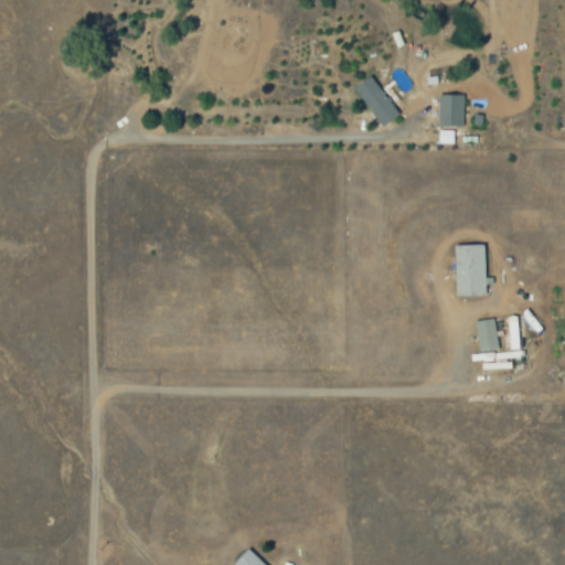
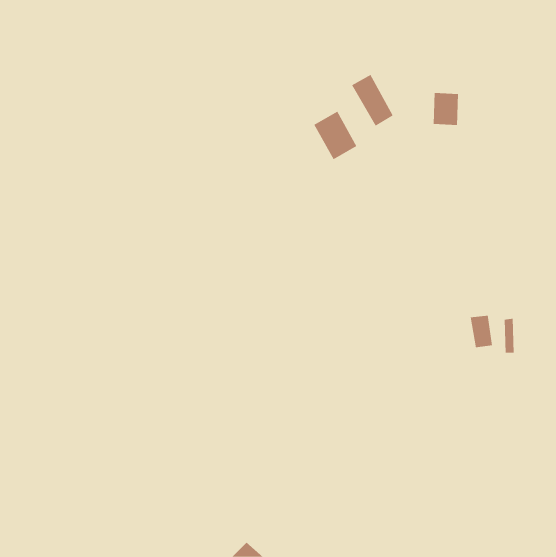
building: none -> [314,111,357,160]
building: [456,245,487,297] -> none

